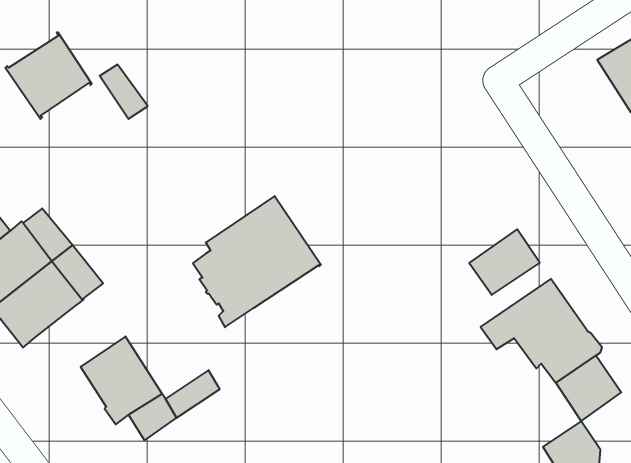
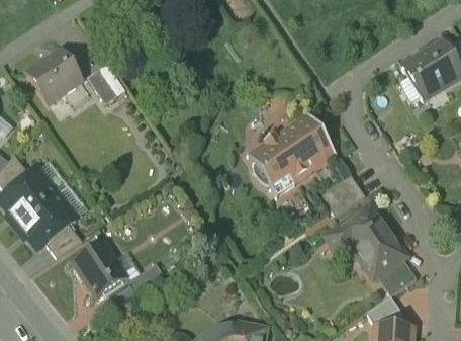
building: [193,196,321,327] -> [255,110,336,193]
building: none -> [44,224,82,257]

